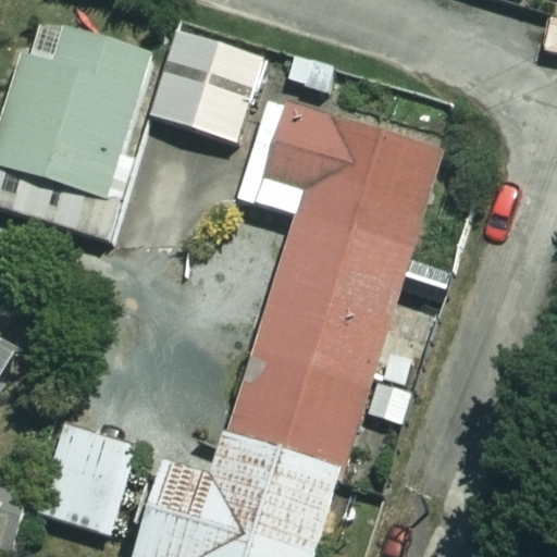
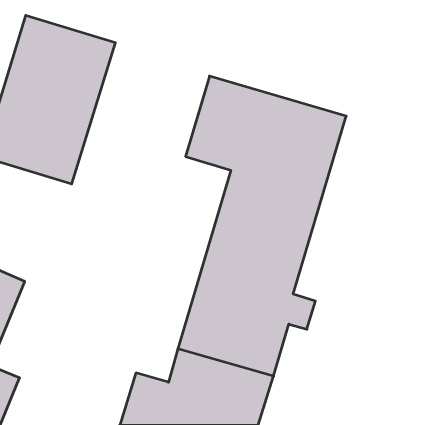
building: [148,28,259,140] -> none
building: [35,423,133,531] -> none

